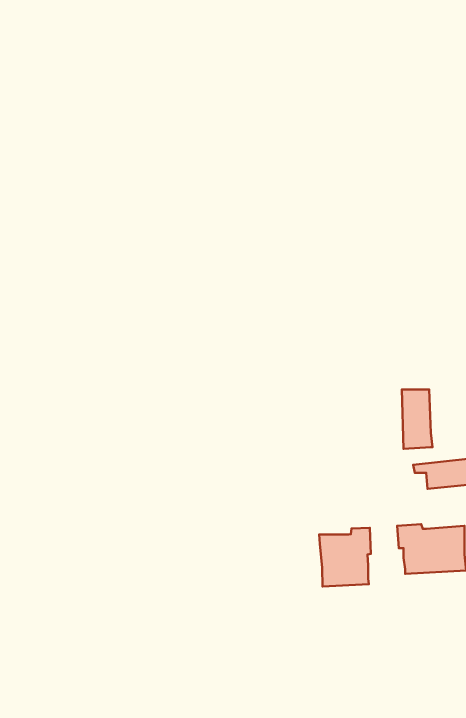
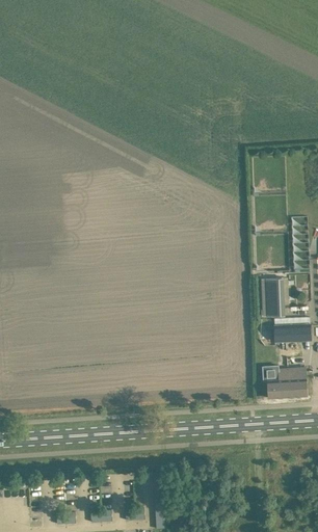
building: [319,528,371,587] -> none

